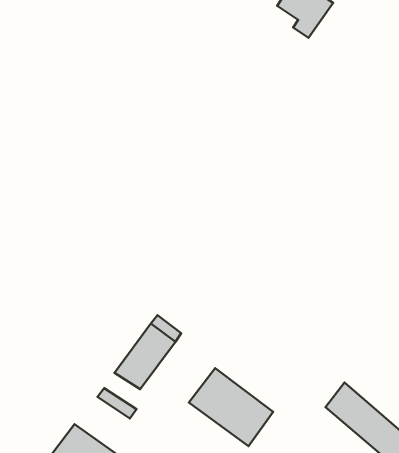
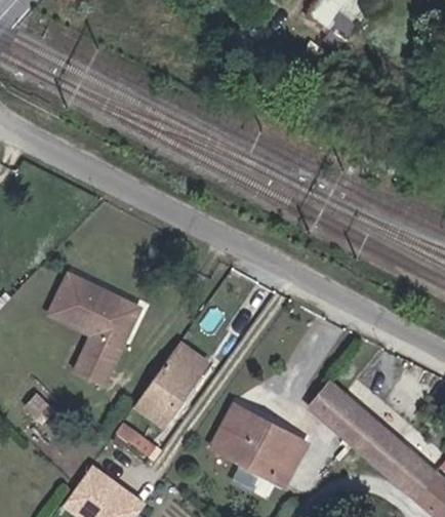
building: none -> [52,275,140,382]
building: none -> [317,384,380,448]

